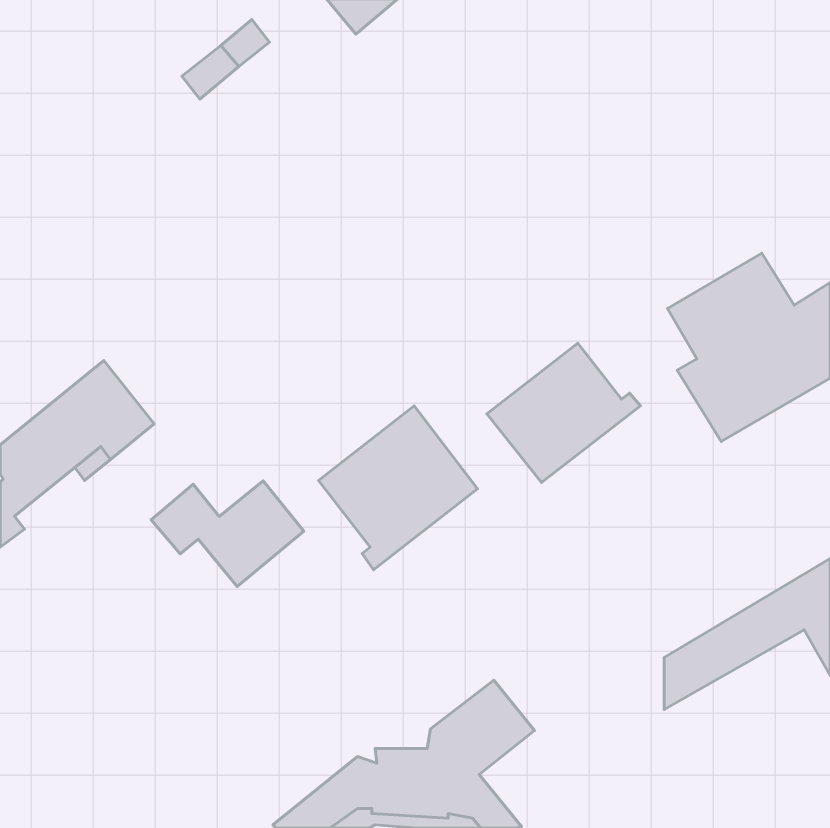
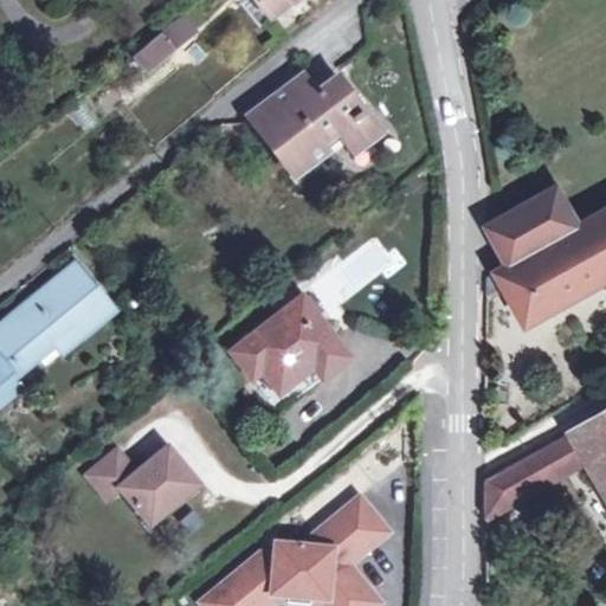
building: none -> [246,76,380,175]
building: [487,343,640,483] -> none
building: [151,481,304,586] -> [89,447,200,524]

